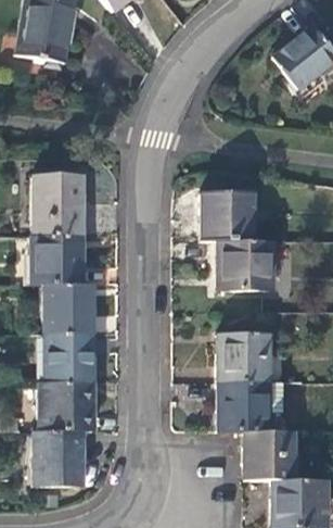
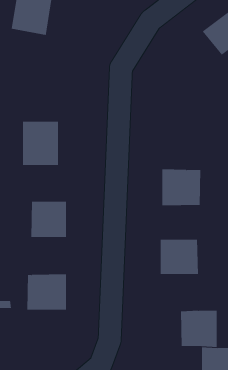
building: [203,192,253,241] -> none
building: [30,236,81,284] -> none
building: [43,332,92,382] -> none
building: [217,382,281,431] -> none
building: [31,430,81,486] -> none

